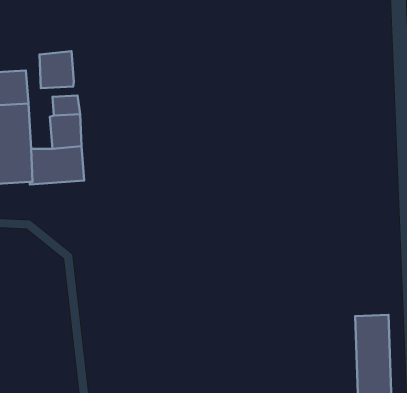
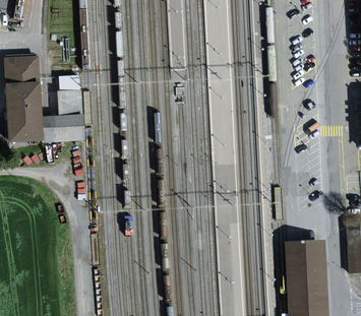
building: [39,51,74,88] -> none

